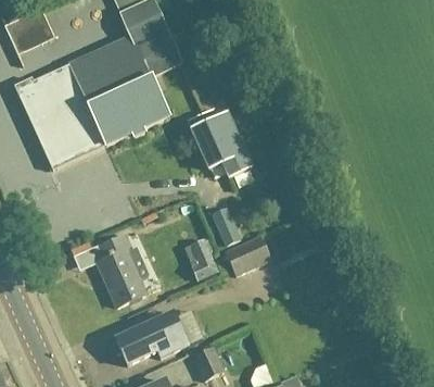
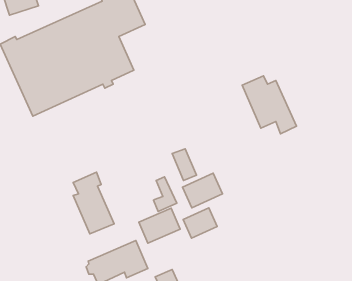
building: [188,108,251,175] -> [242,76,296,134]
building: none -> [183,208,217,238]
building: none -> [139,208,180,243]

